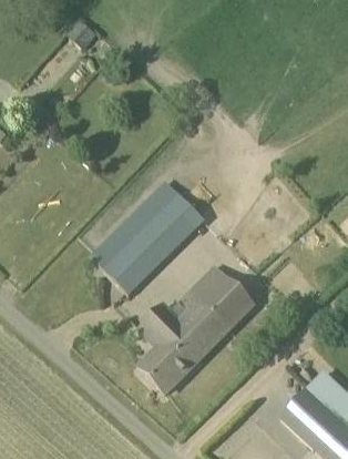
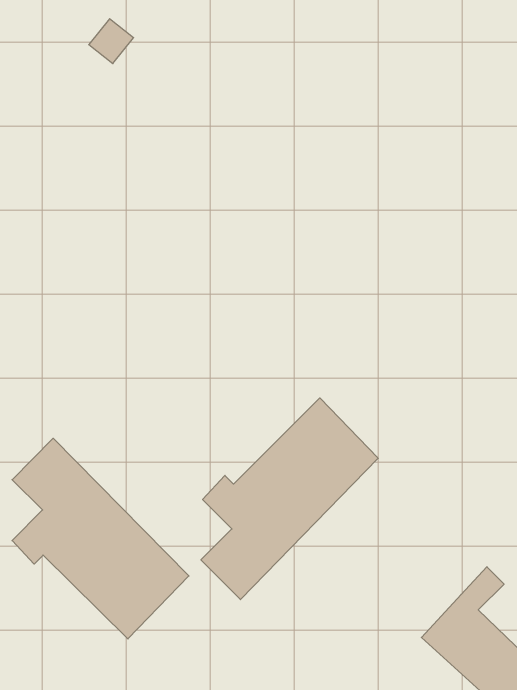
building: [91,178,207,294] -> none
building: none -> [12,438,189,639]

